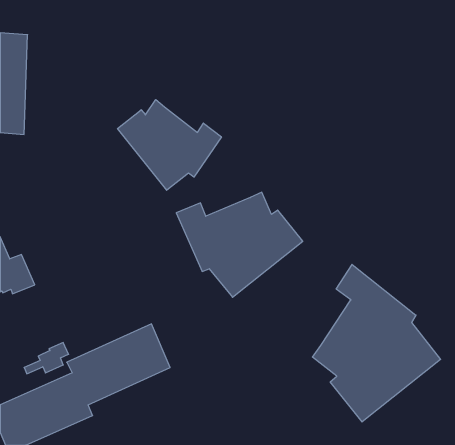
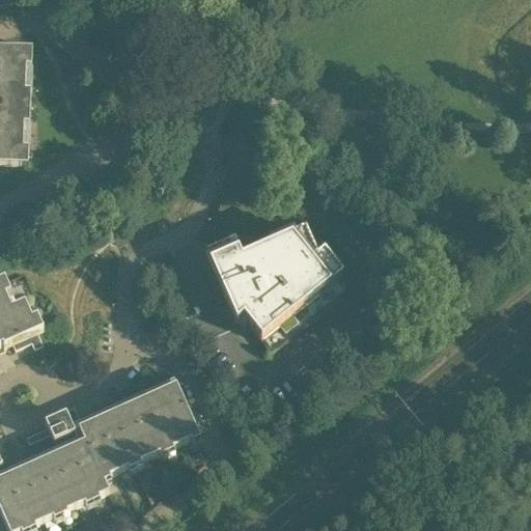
building: [118,100,221,190] -> none
building: [312,264,441,422] -> none

